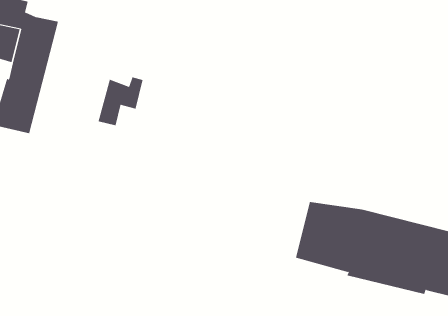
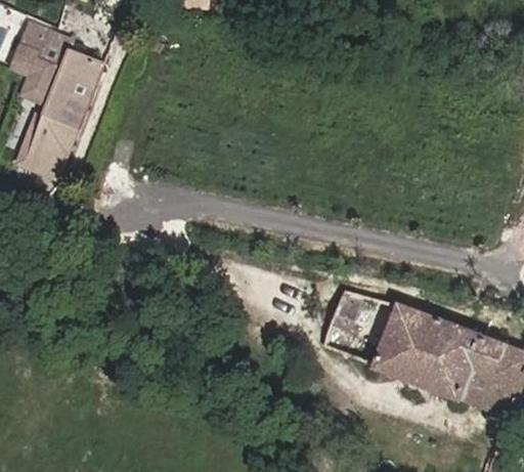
building: [98,77,143,126] -> none

